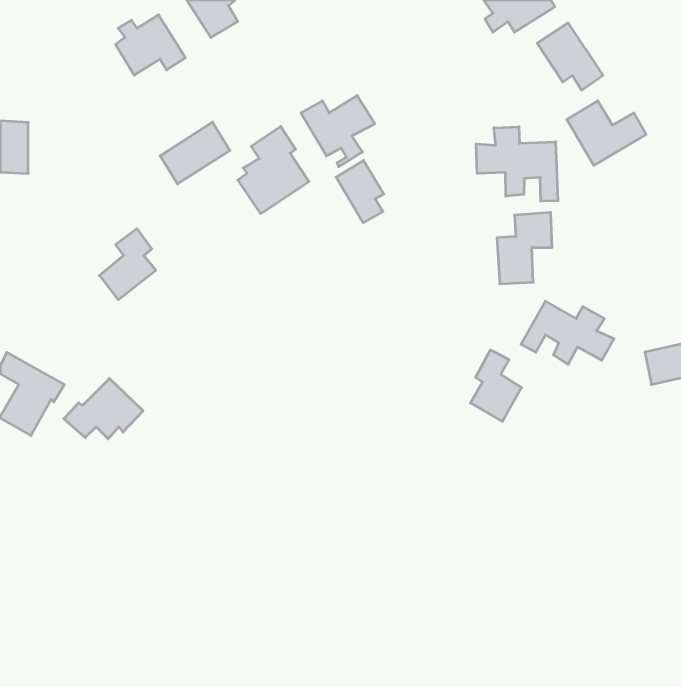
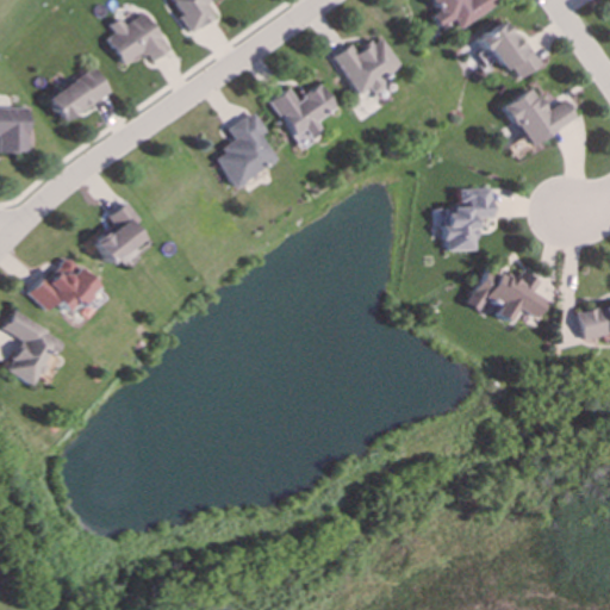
building: none -> [334,37,402,97]
building: [160,122,230,184] -> [49,68,111,123]
building: [476,127,558,201] -> none
building: [336,160,384,223] -> none
building: [470,350,522,421] -> none
building: [64,378,143,439] -> [26,259,97,312]

